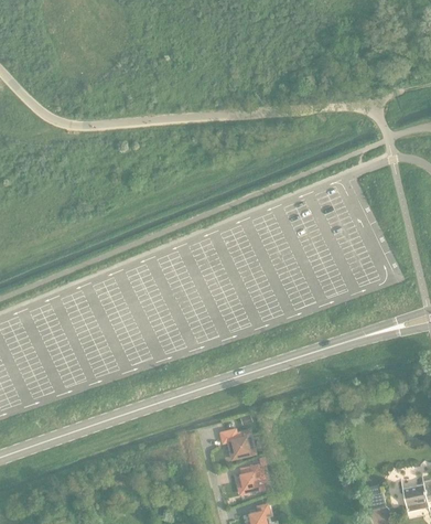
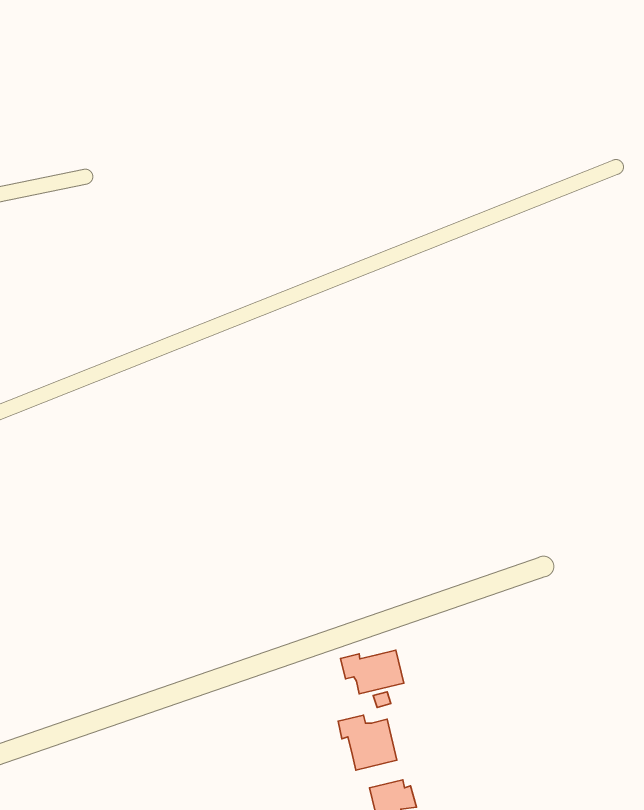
building: none -> [340,650,404,694]

